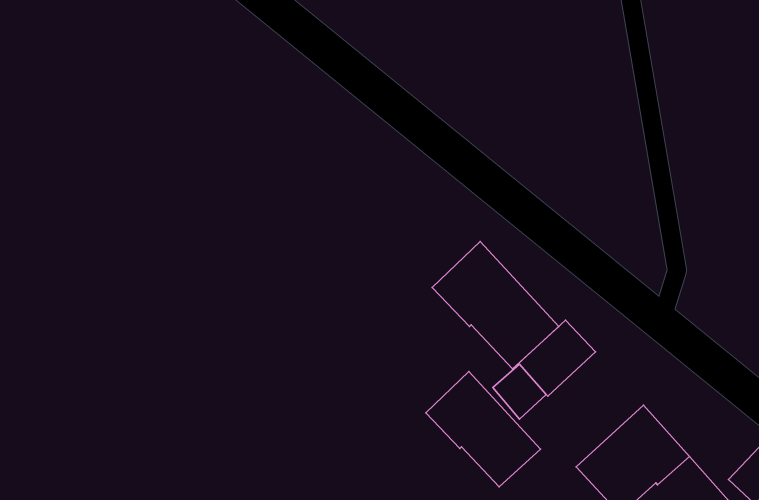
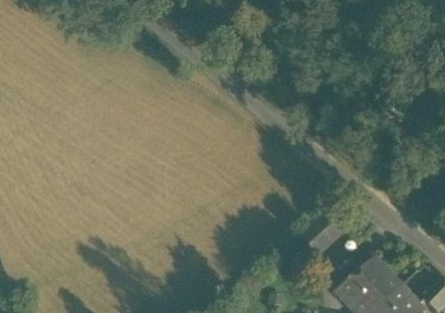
building: [432,242,559,369] -> none
building: [426,372,540,487] -> none

